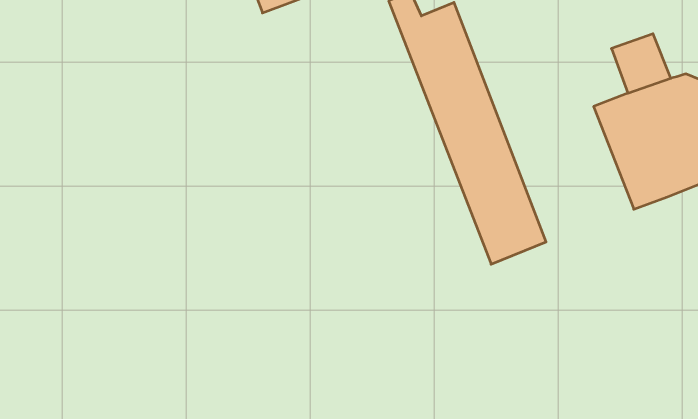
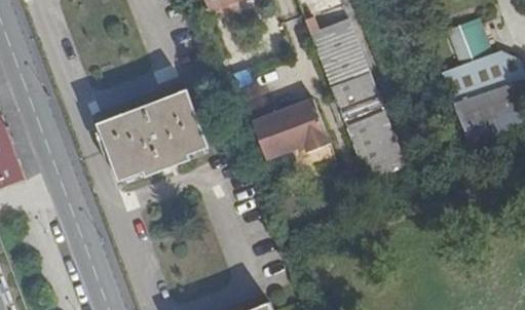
building: none -> [98,89,208,179]
building: none -> [252,100,331,159]

